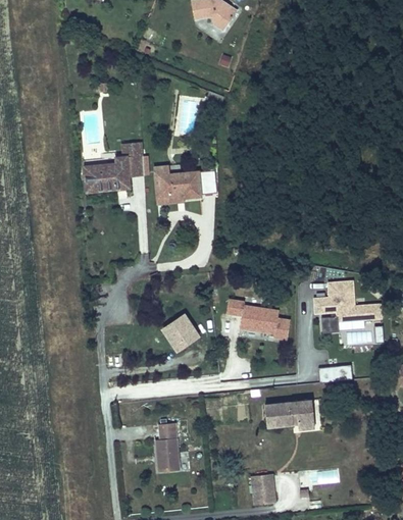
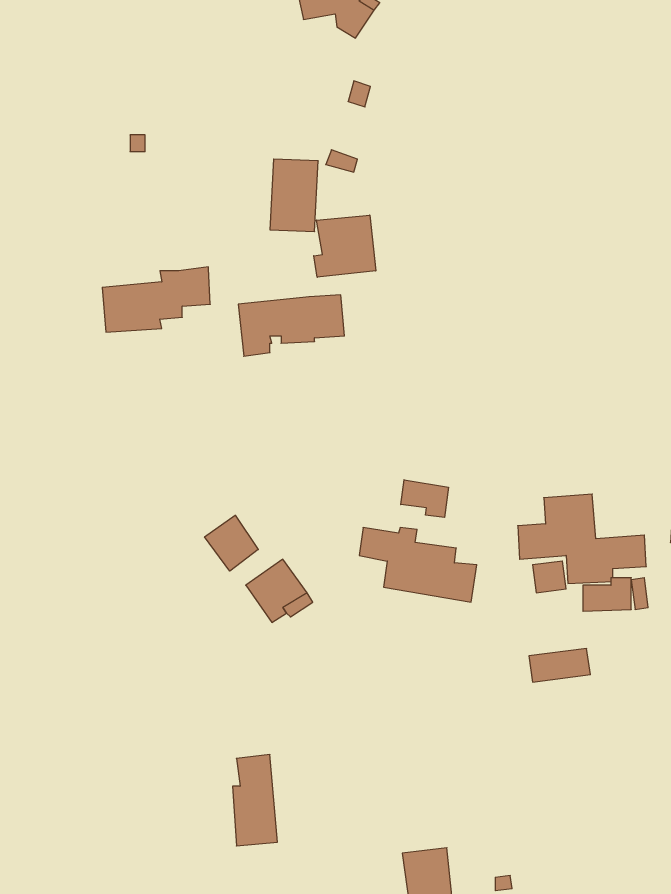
building: none -> [314,215,376,277]
building: none -> [401,480,448,517]
building: none -> [205,515,258,571]
building: [264,400,314,428] -> none

